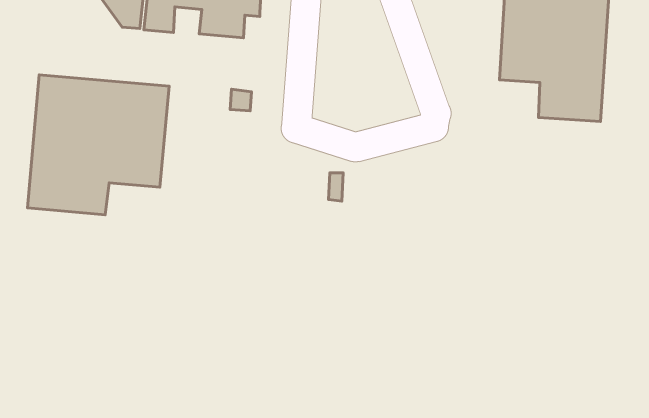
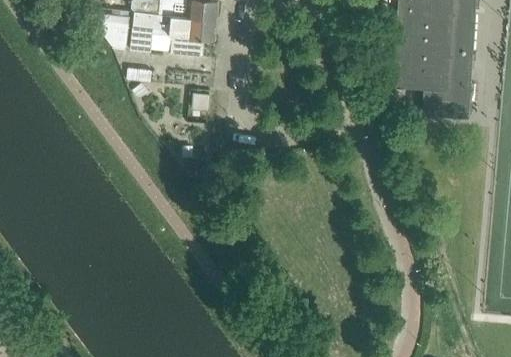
building: [27,75,169,215] -> none

